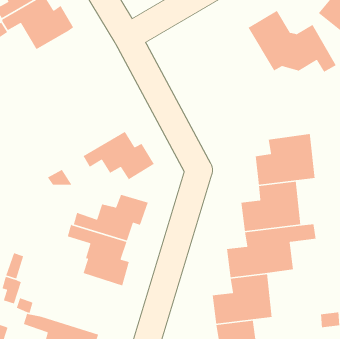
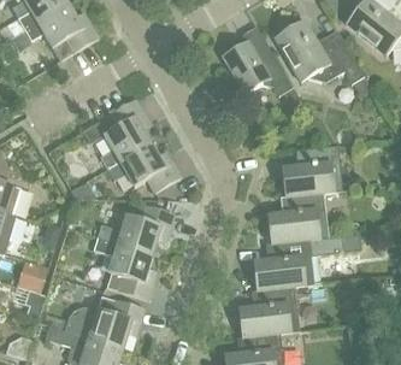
building: none -> [222,25,301,107]
building: none -> [99,100,149,167]
building: none -> [65,295,143,348]

